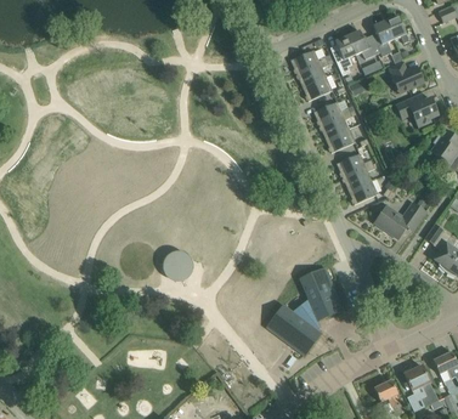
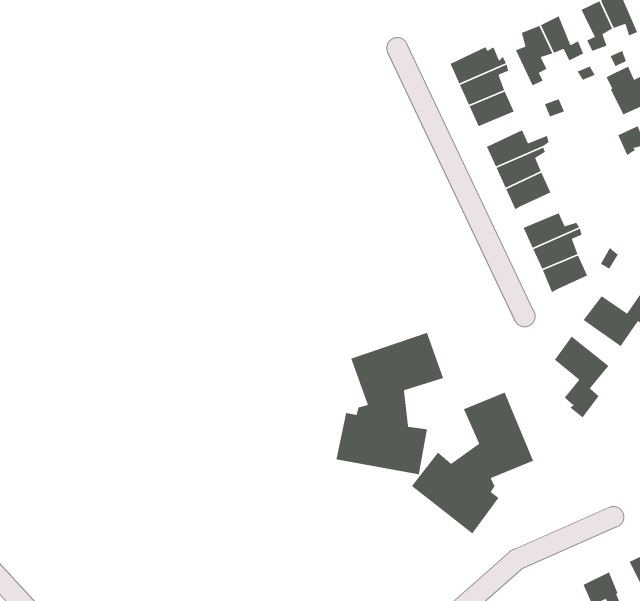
building: none -> [335,332,444,475]
building: none -> [554,335,609,418]
building: [164,248,193,279] -> none

